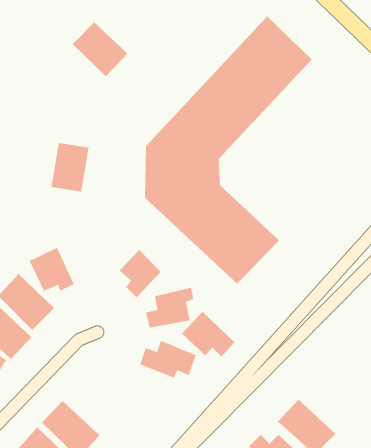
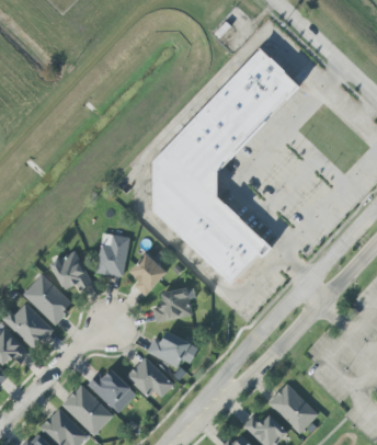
building: [72,22,128,77] -> none
building: [51,142,89,192] -> [95,233,129,277]
building: [181,311,235,357] -> [126,357,173,398]
building: none -> [87,369,136,413]

